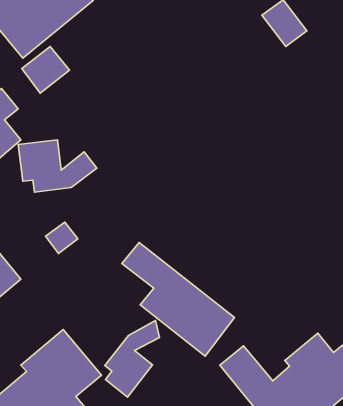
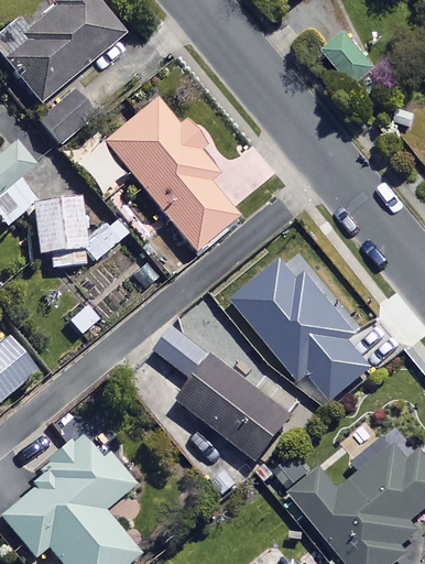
building: none -> [103,97,239,252]
building: none -> [232,257,377,401]
building: [105,320,159,397] -> none

